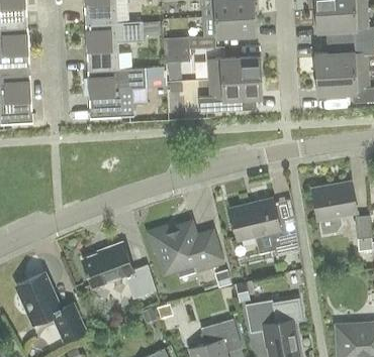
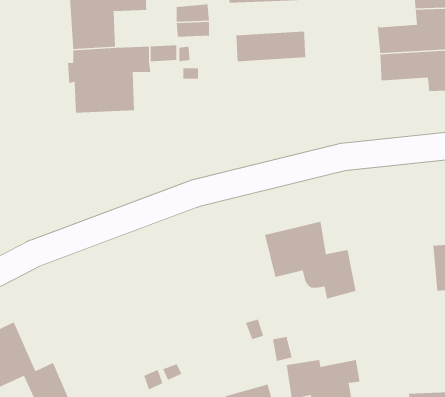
building: [199,77,262,112] -> none
building: [311,182,356,234] -> none
building: [149,222,222,272] -> none
building: [81,242,155,297] -> none

